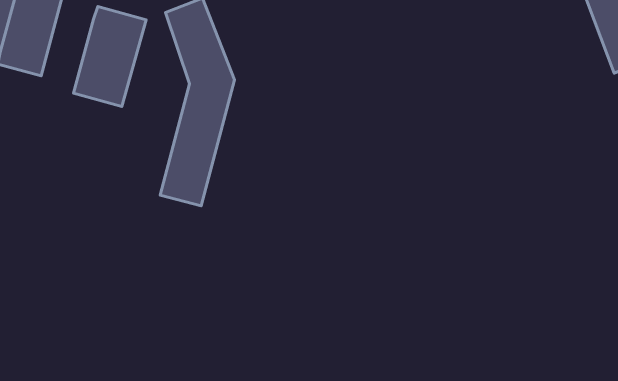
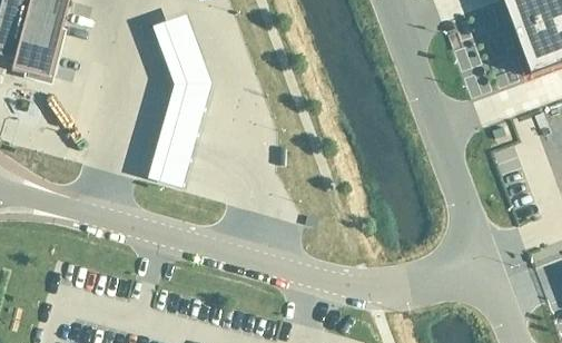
building: [74,7,146,106] -> none

